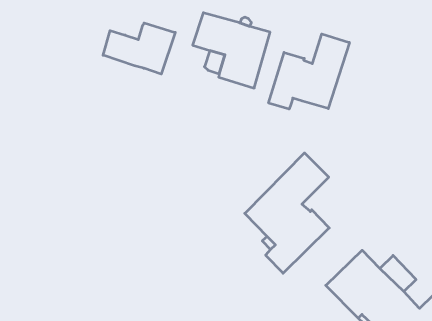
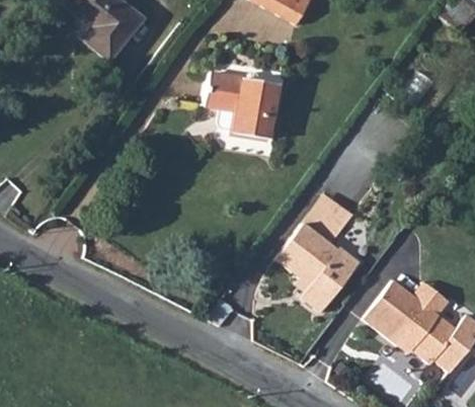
building: [103,23,175,74] -> none
building: [269,34,349,109] -> none

